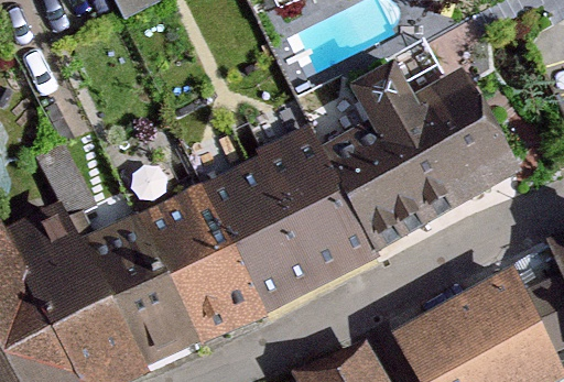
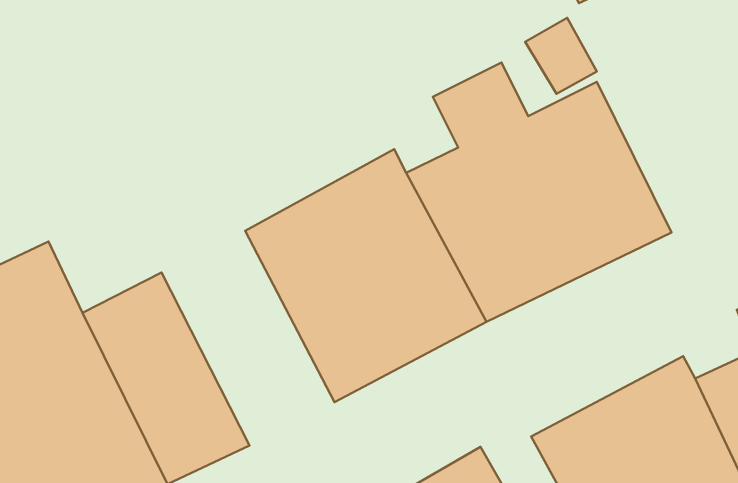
building: [129,184,257,342] -> none

